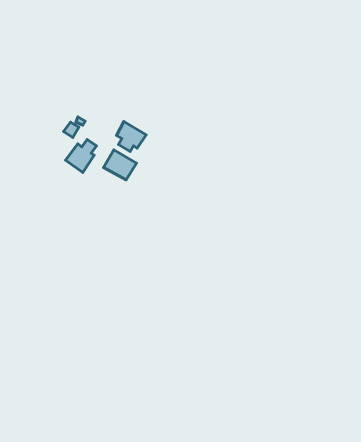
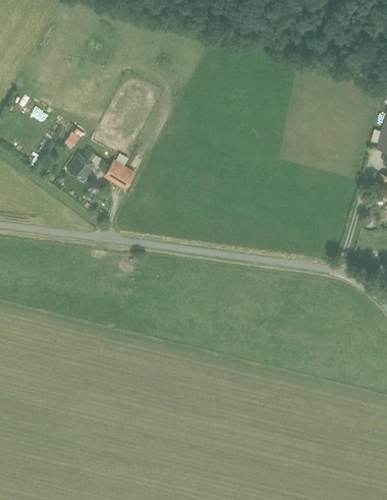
building: [116,122,146,152] -> none

